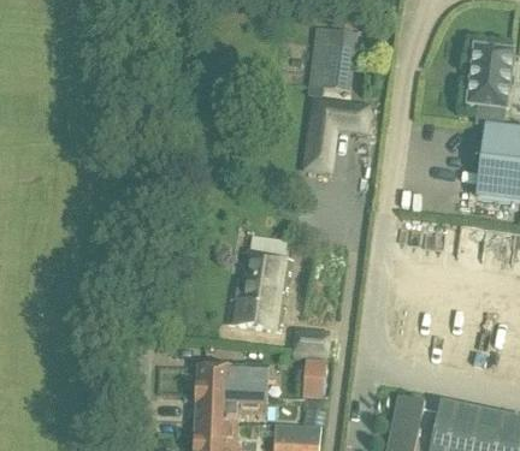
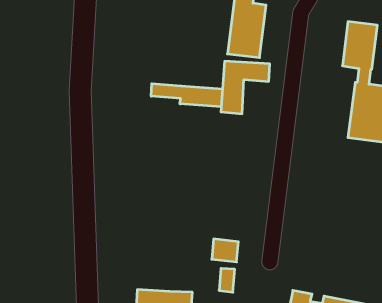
building: none -> [151,84,223,107]
building: [229,248,291,327] -> none
building: [196,360,268,396] -> none

